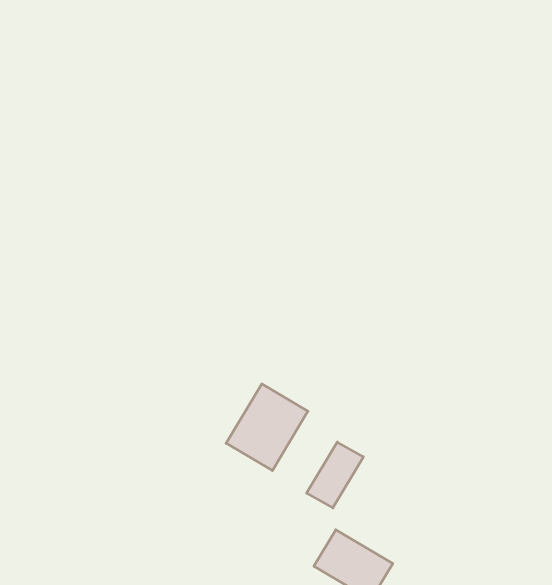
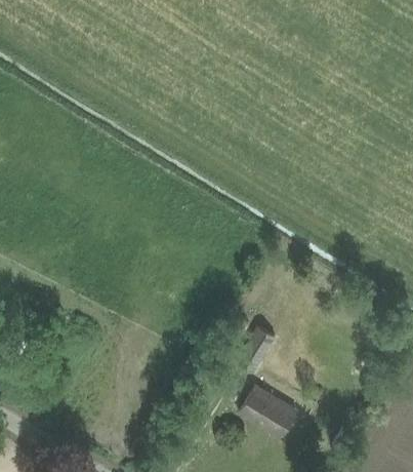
building: [226,384,308,471] -> none

